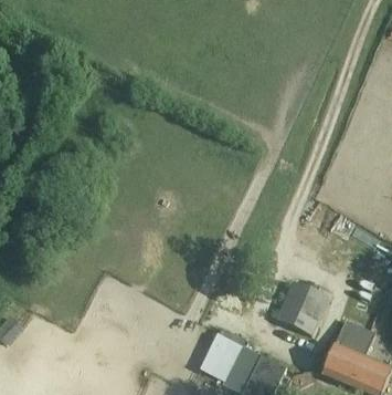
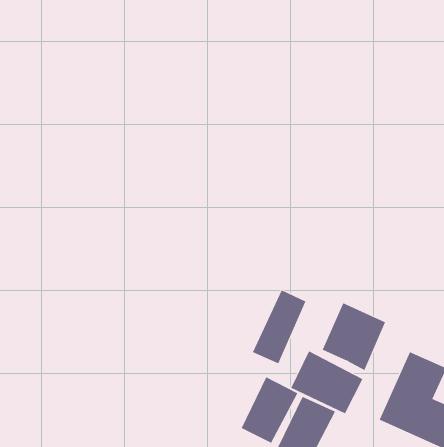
building: none -> [252,290,306,364]
building: none -> [291,350,363,414]

